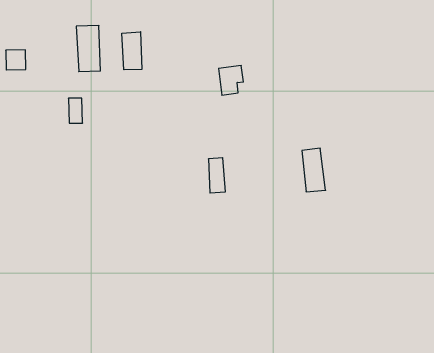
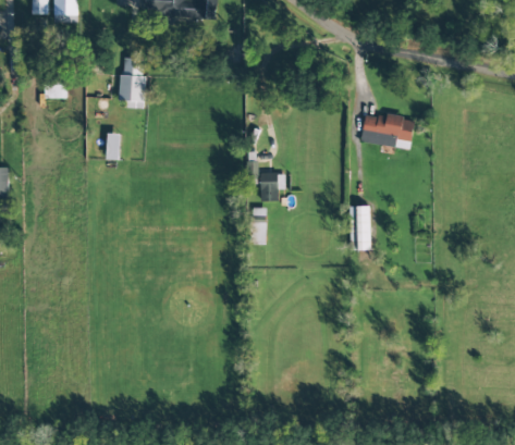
building: [122,32,142,70] -> none
building: none -> [361,112,415,150]
building: [219,66,243,95] -> [260,172,285,201]

